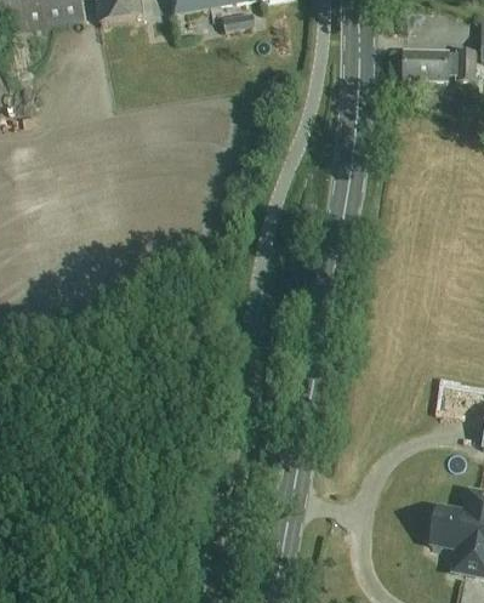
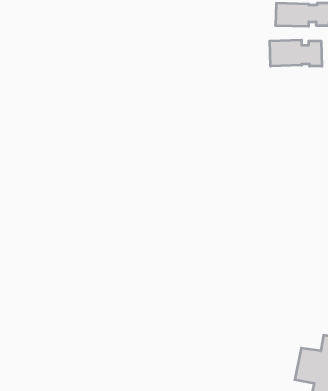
building: none -> [270,40,322,66]

